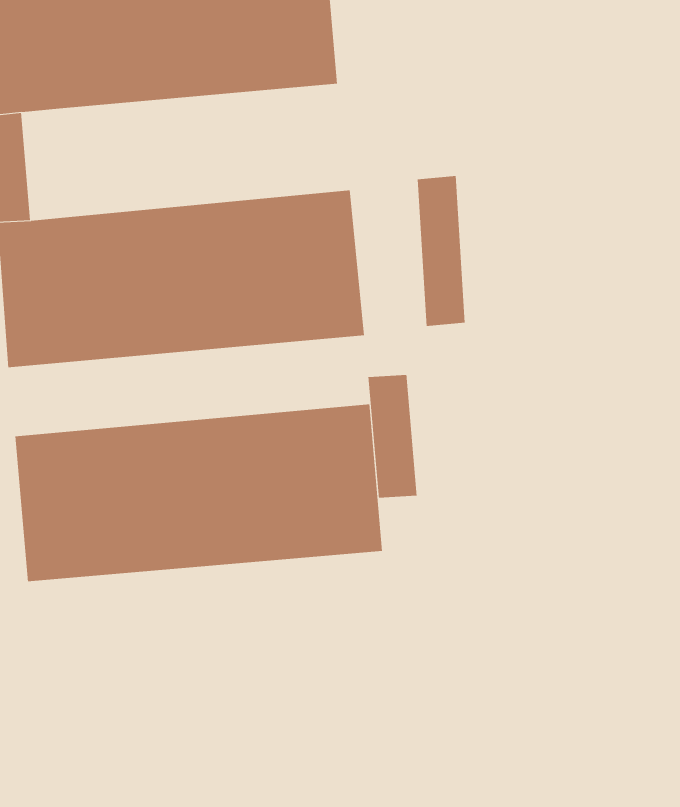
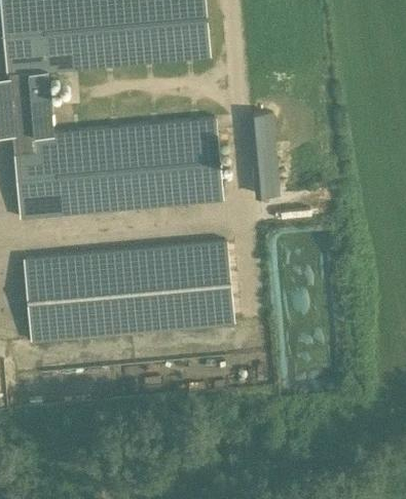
building: none -> [27,71,53,135]
building: [368,374,417,499] -> none

